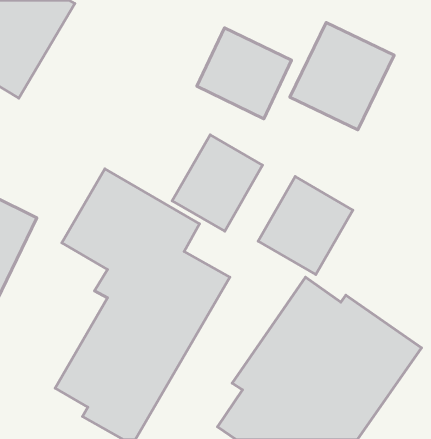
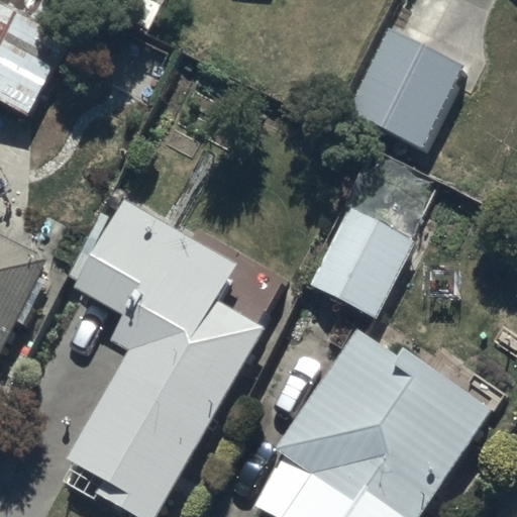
building: [197,28,292,119] -> none
building: [172,135,263,231] -> none

